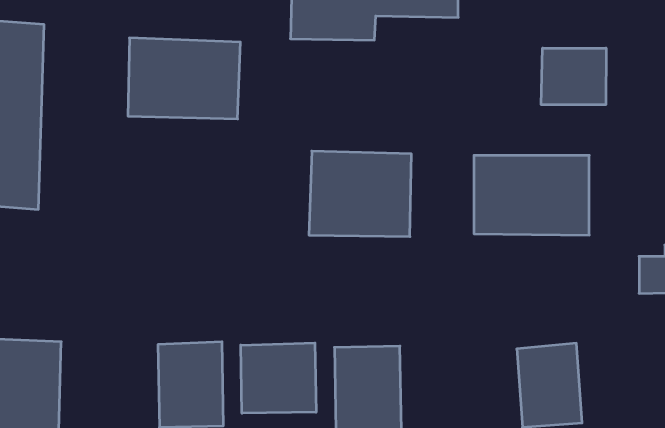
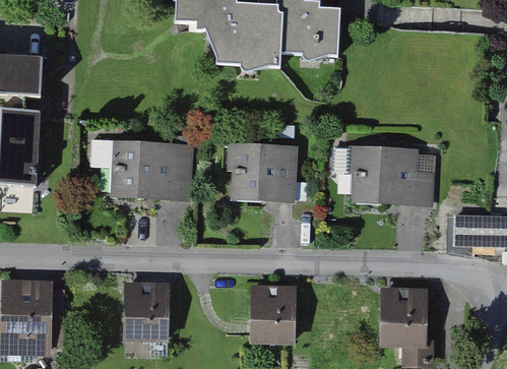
building: [128,38,240,119] -> [111,142,191,200]
building: [541,48,606,105] -> none
building: [241,343,316,413] -> none

